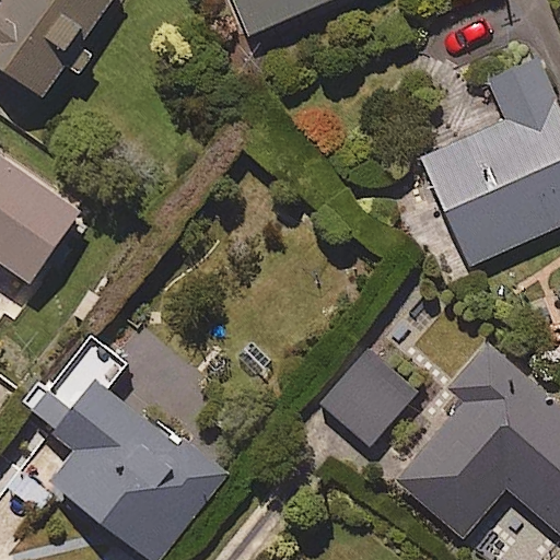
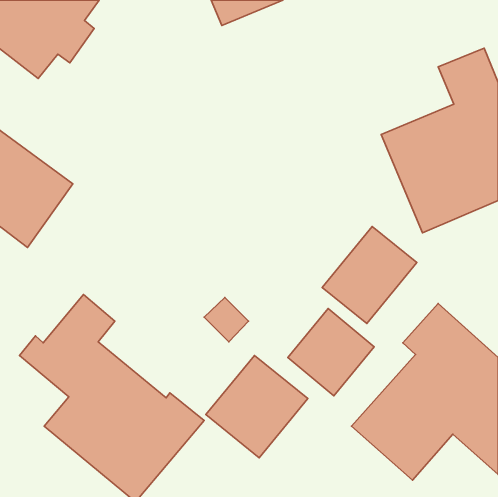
building: none -> [322,226,417,324]
building: none -> [206,355,308,458]

